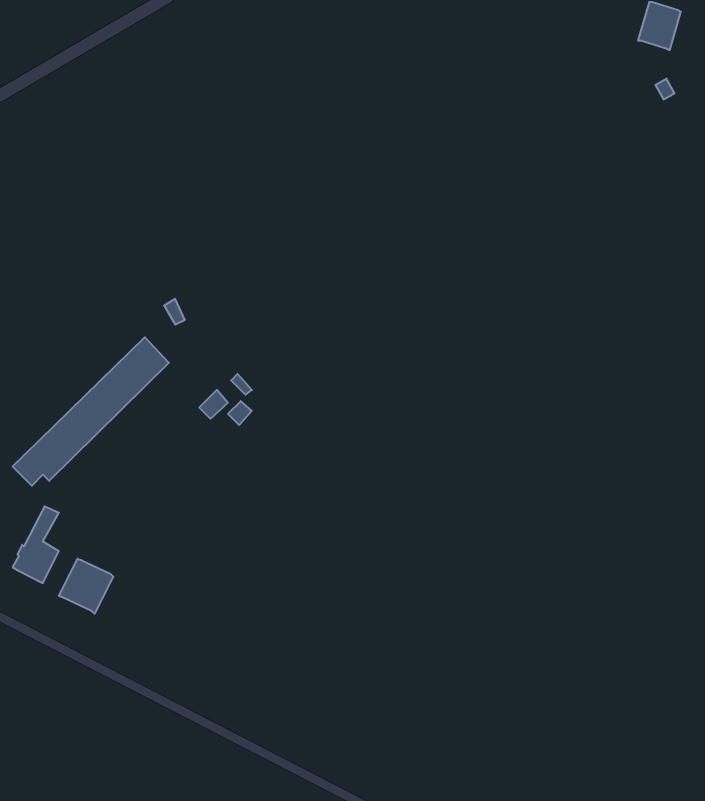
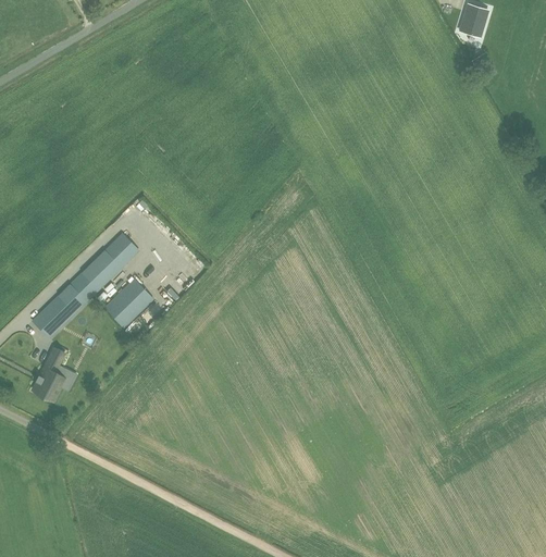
building: none -> [103,277,153,329]
building: [59,559,113,614] -> none

